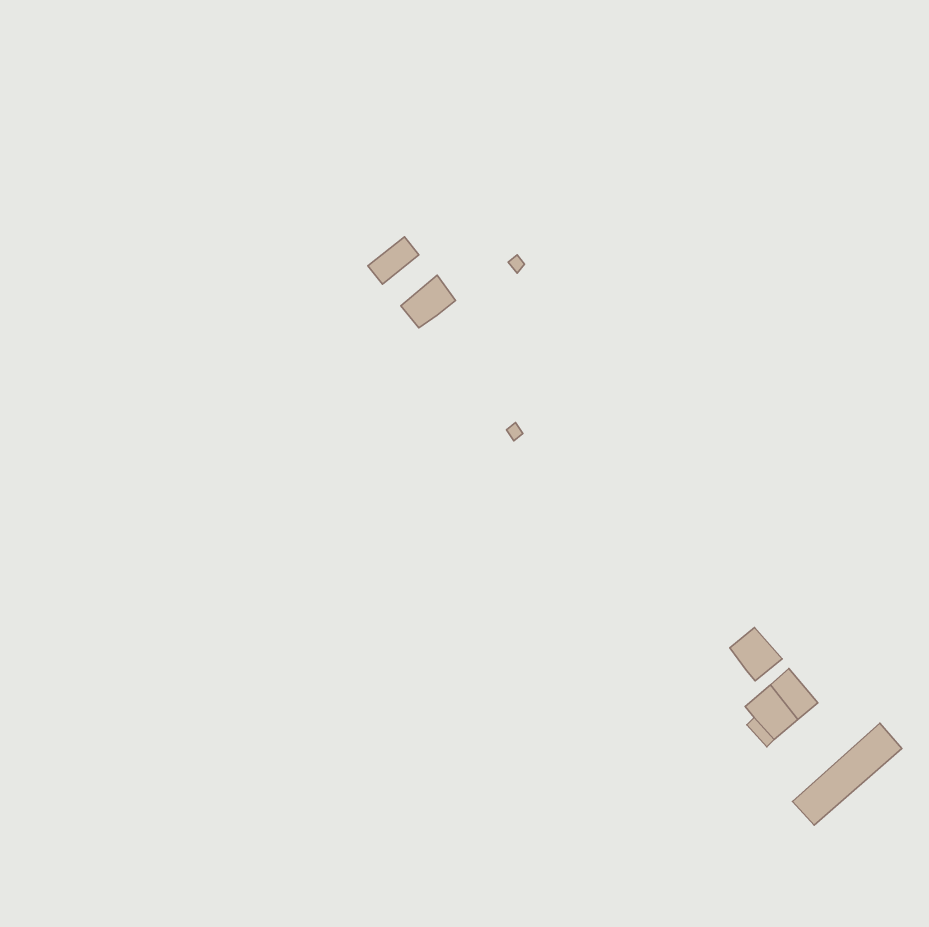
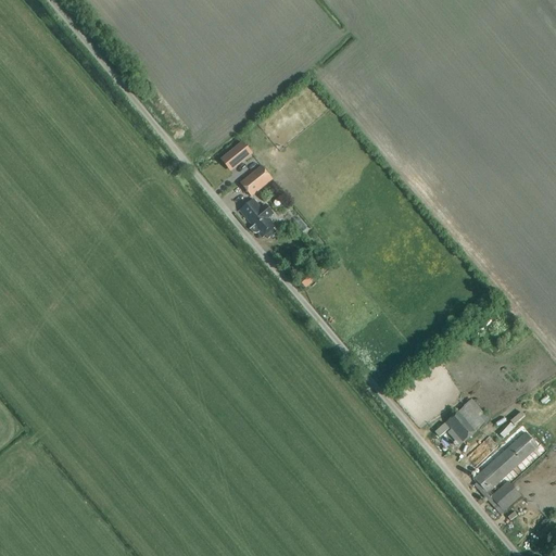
building: none -> [238,198,275,238]
building: [730,628,782,681] -> none
building: none -> [490,480,520,510]

